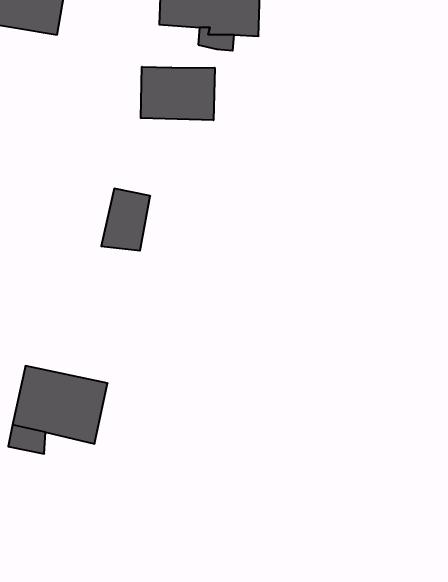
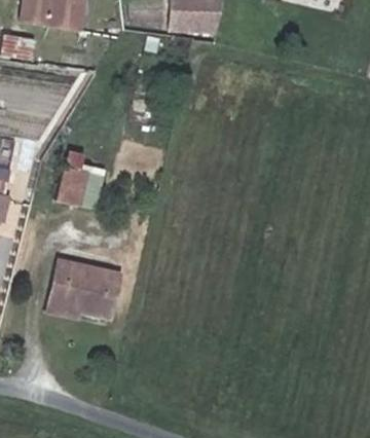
building: [141,67,215,120] -> none
building: [101,189,150,251] -> [58,157,92,202]

